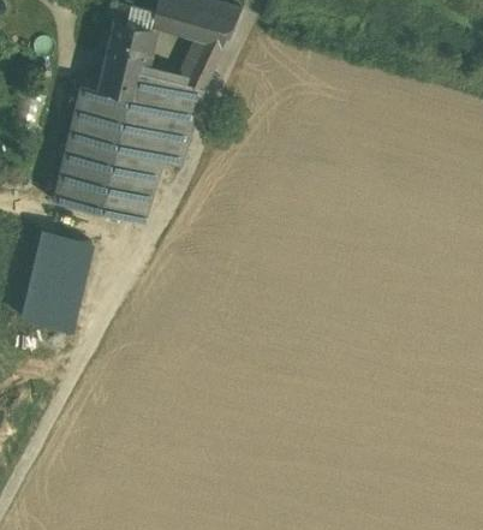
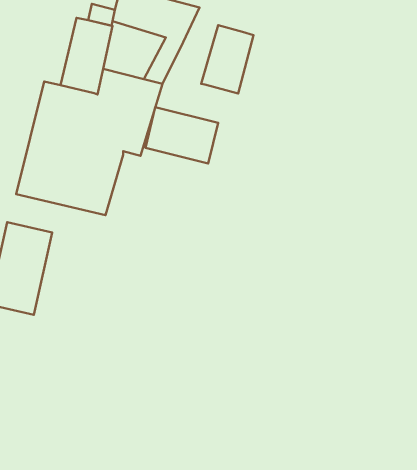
building: none -> [201,25,254,93]
building: none -> [145,107,218,163]

